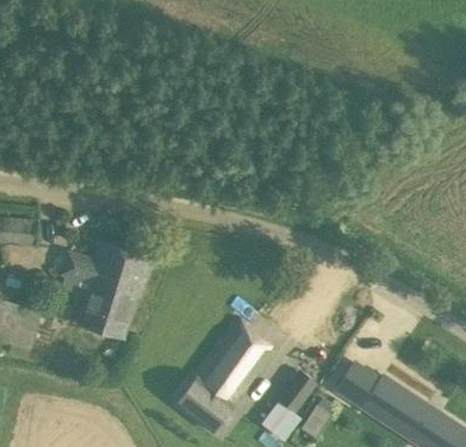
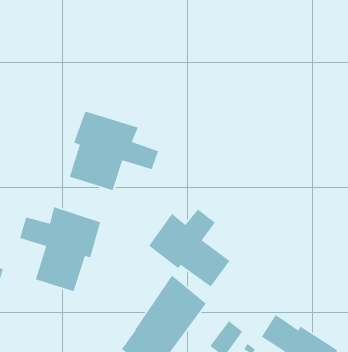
building: none -> [69,110,159,191]
building: none -> [148,209,231,288]

